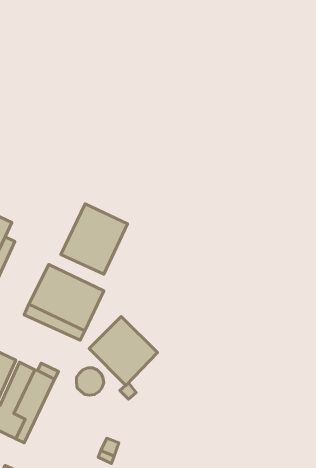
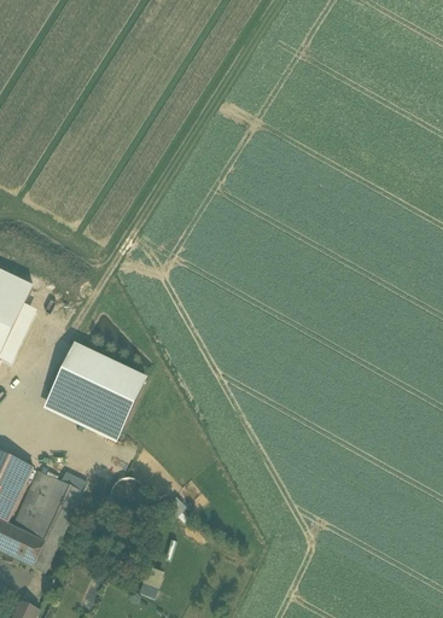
building: [61,204,127,274] -> none
building: [89,317,158,385] -> none

